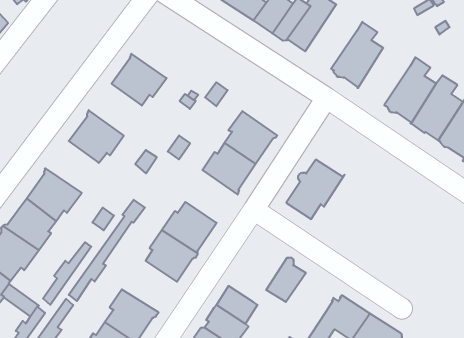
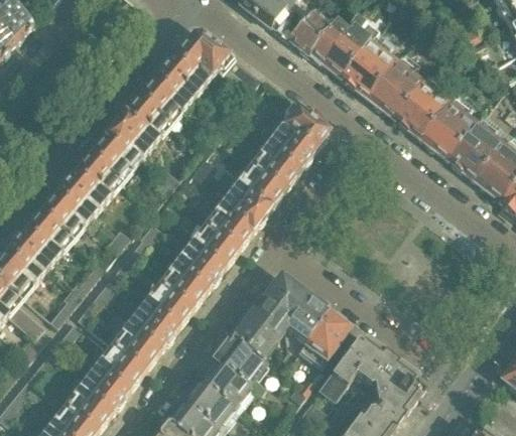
building: none -> [342,29,399,97]
building: none -> [159,31,258,97]
building: none -> [396,70,453,139]
building: none -> [272,105,329,163]
building: none -> [110,97,166,152]
building: none -> [60,154,117,209]
building: [286,160,345,219] -> [245,275,308,337]
building: none -> [206,194,261,251]
building: none -> [132,286,190,341]
building: none -> [298,310,349,365]

